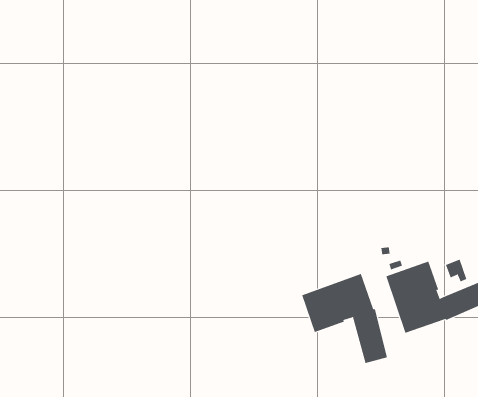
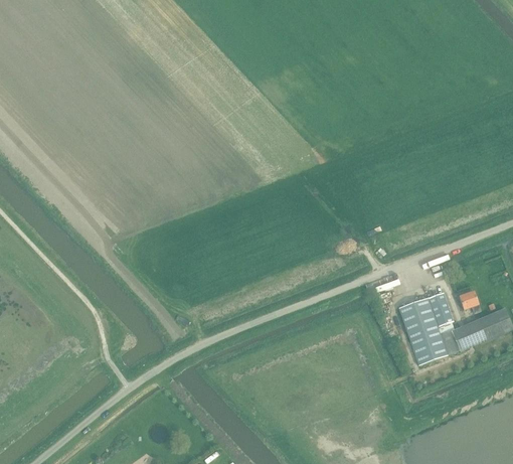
building: [301,273,387,364] -> none

